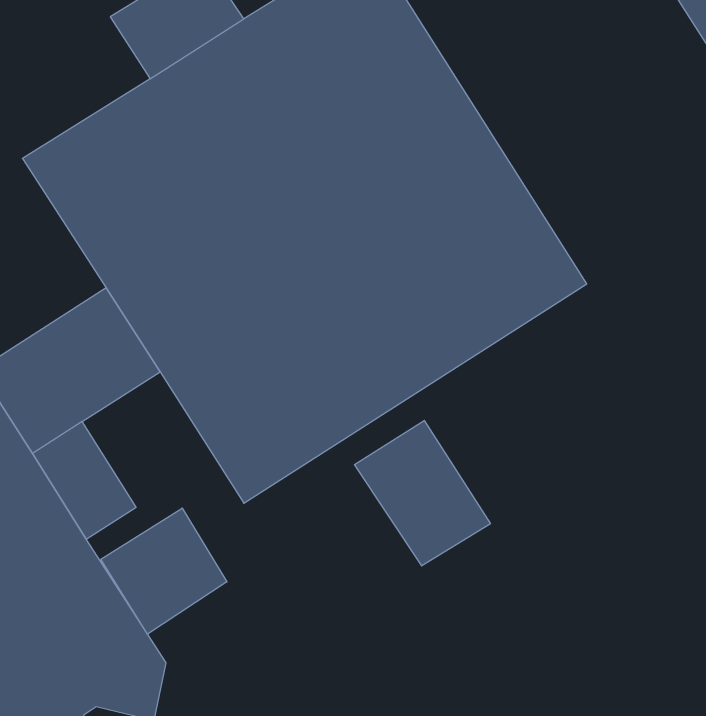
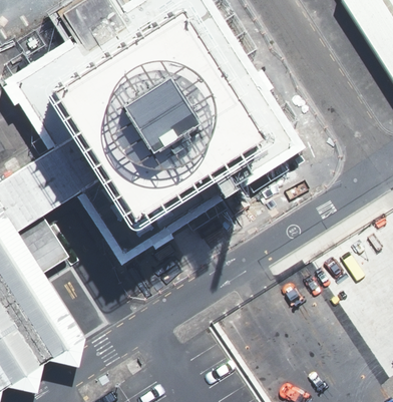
building: [355,420,490,566] -> none
building: [101,508,227,634] -> none

